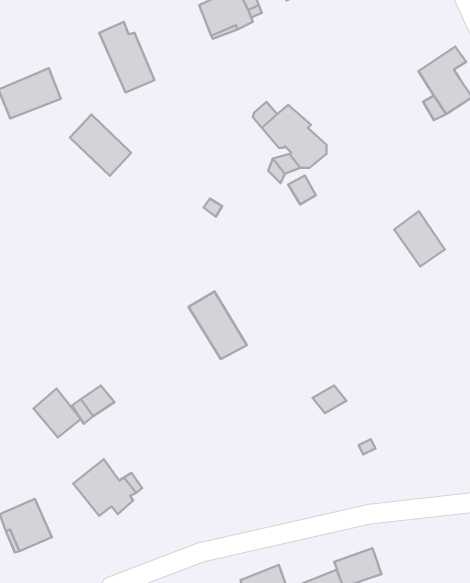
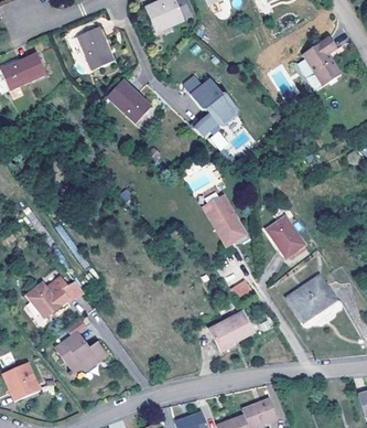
building: [70,115,131,176] -> [107,78,151,122]
building: [394,211,445,266] -> [268,216,304,256]
building: [189,292,247,359] -> [204,195,246,244]
building: none -> [289,277,334,320]
building: none -> [208,311,252,351]

